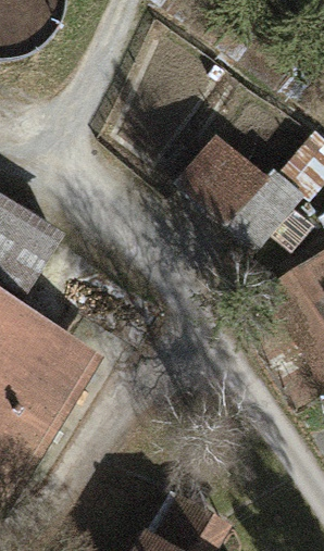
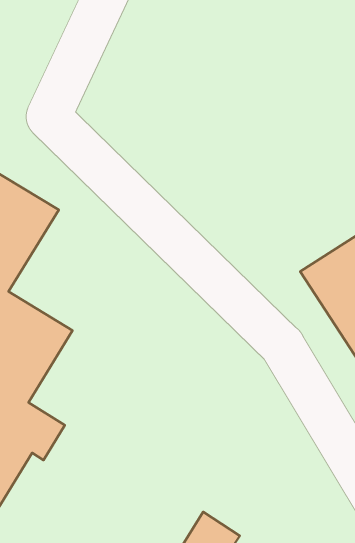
building: [177,136,301,248] -> none

